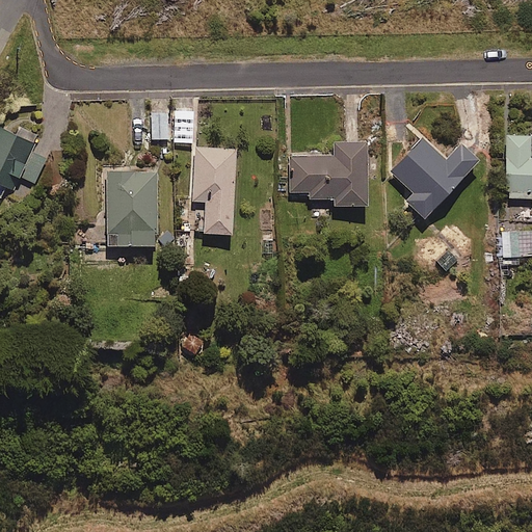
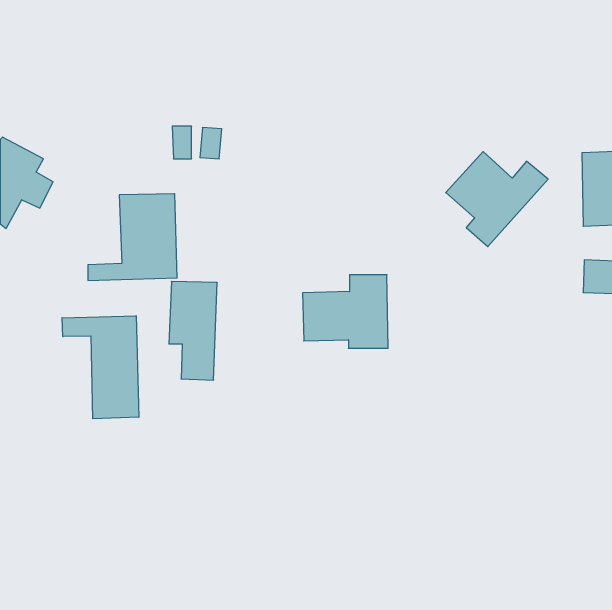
building: [292,141,366,205] -> [303,275,388,348]
building: [193,149,235,234] -> [169,281,217,380]
building: none -> [62,316,139,419]

